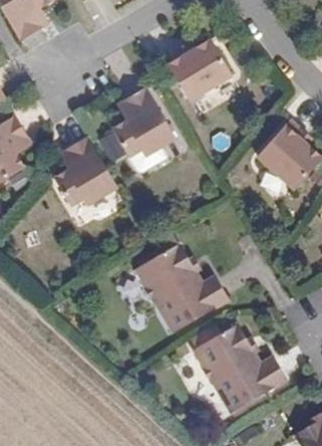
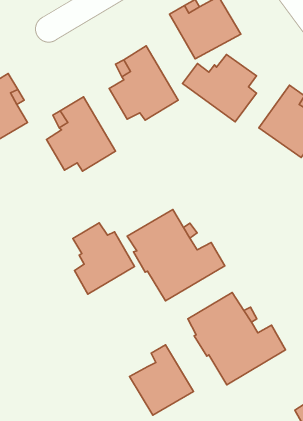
building: none -> [183,54,257,122]
building: none -> [73,223,134,294]
building: none -> [129,345,194,415]

